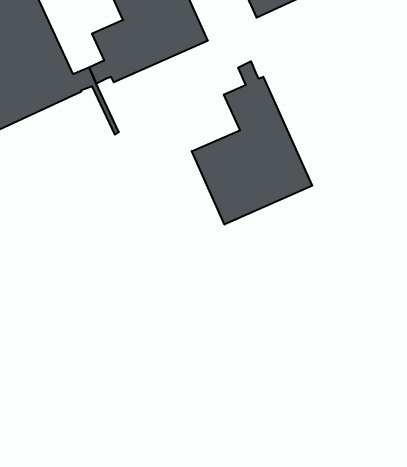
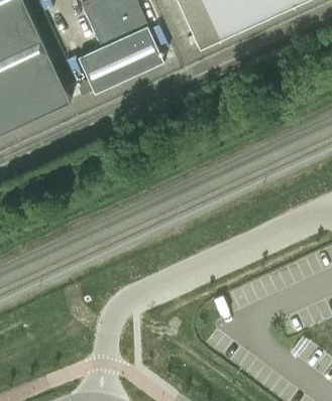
building: [192,61,312,225] -> none

